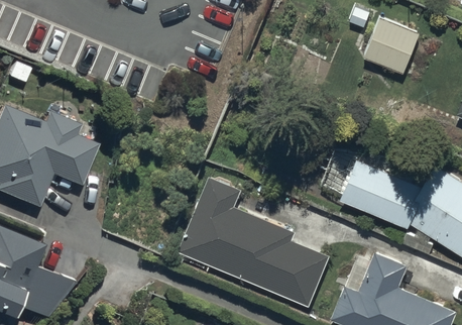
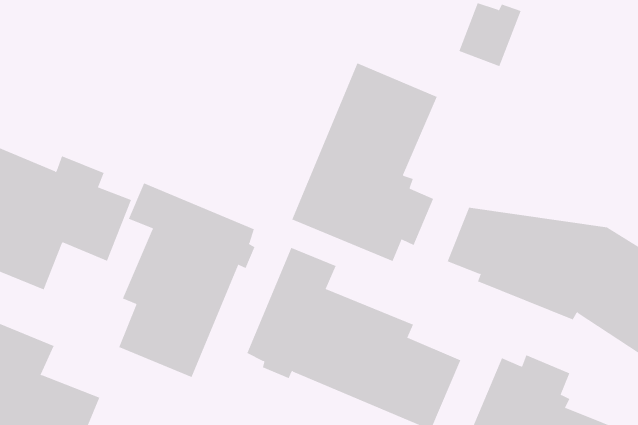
building: [366,17,421,74] -> none
building: none -> [291,62,438,262]
building: none -> [118,183,255,378]

